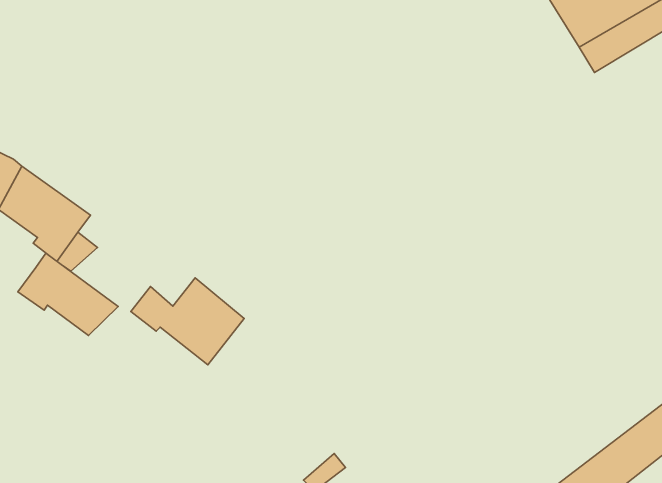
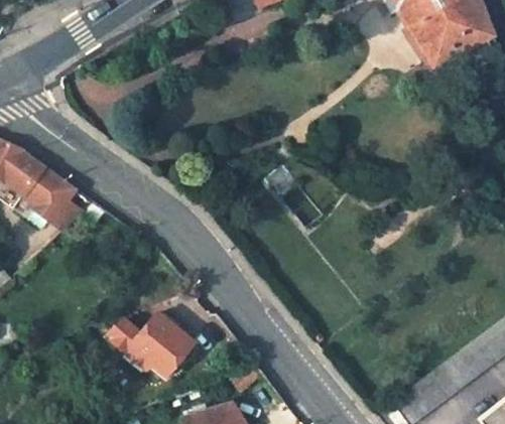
building: [18,253,118,336] -> none
building: [131,278,244,365] -> [110,314,192,377]

